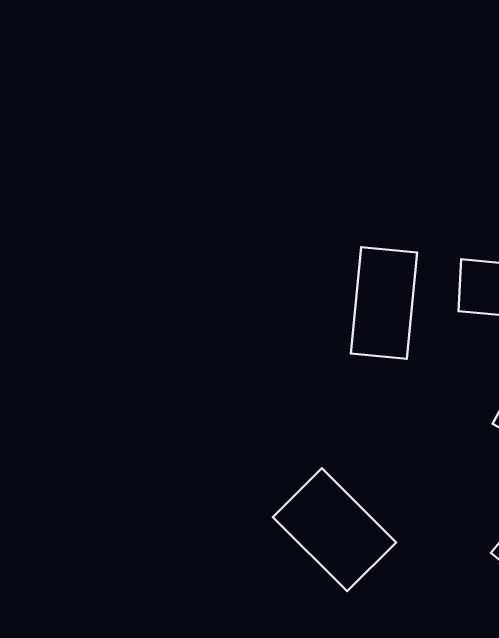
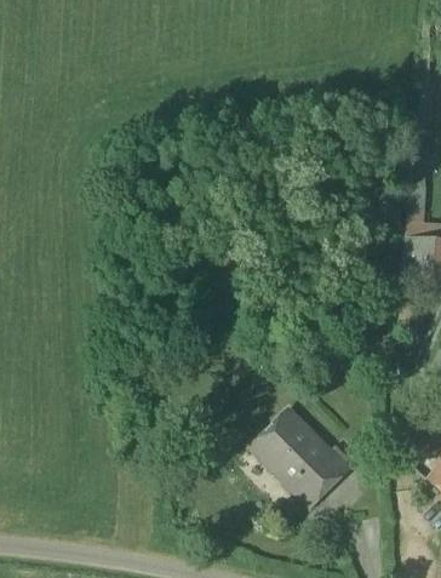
building: [351,247,417,359] -> none

